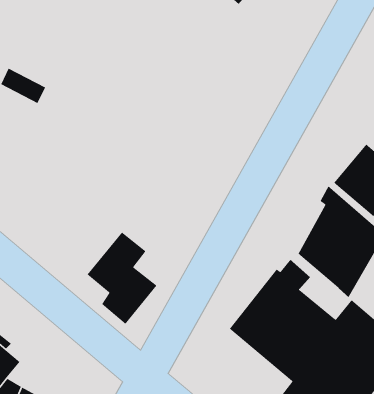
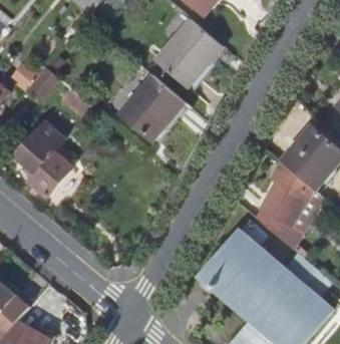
building: none -> [153,18,221,86]
building: none -> [120,76,184,140]
building: [86,232,158,325] -> [18,117,76,194]

